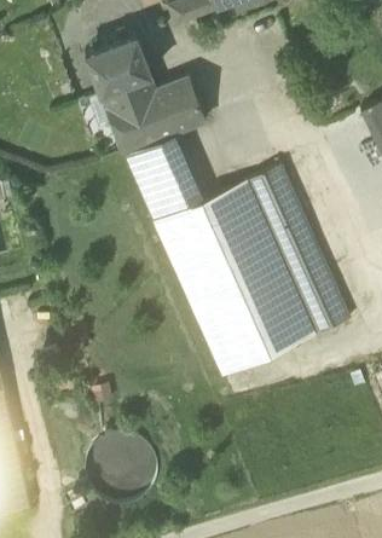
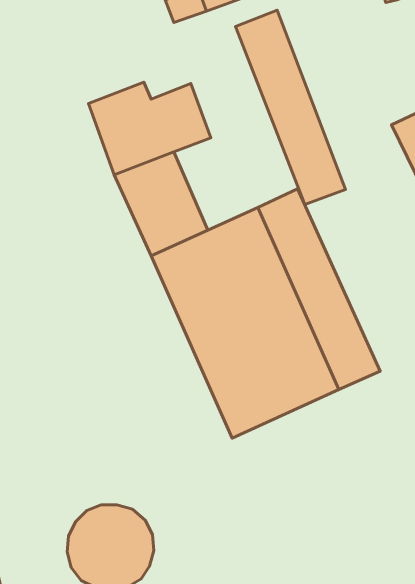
building: none -> [235,10,346,204]
building: [86,34,151,93] -> none

